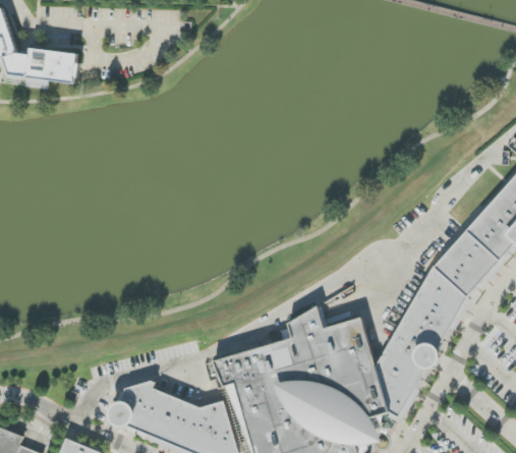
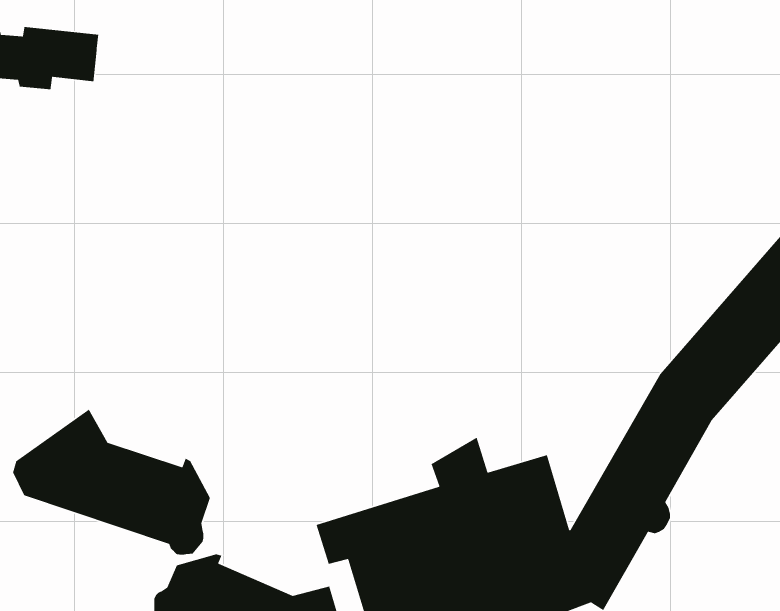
building: none -> [12,409,211,555]

